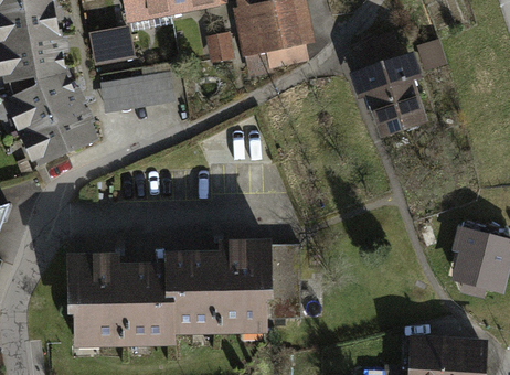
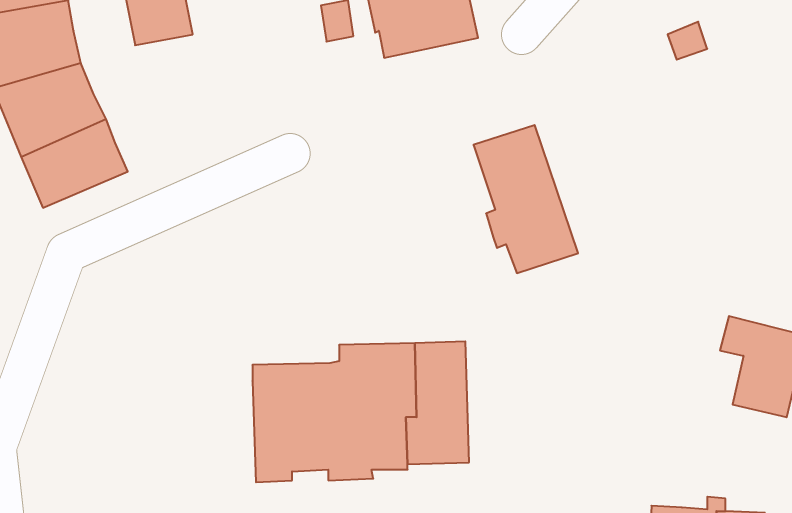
building: [358,41,422,131] -> [473,125,578,273]
building: [99,71,176,112] -> none
building: [70,257,171,341] -> none

